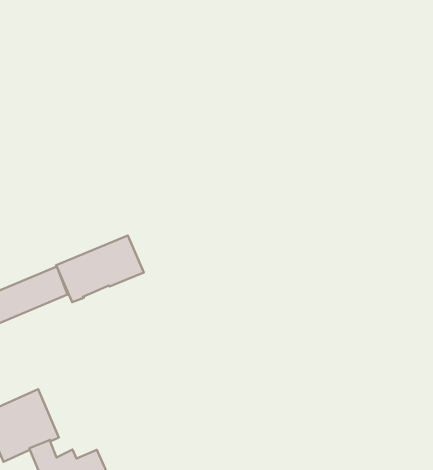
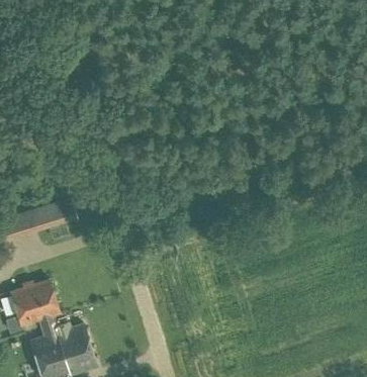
building: [56,235,144,302] -> none

